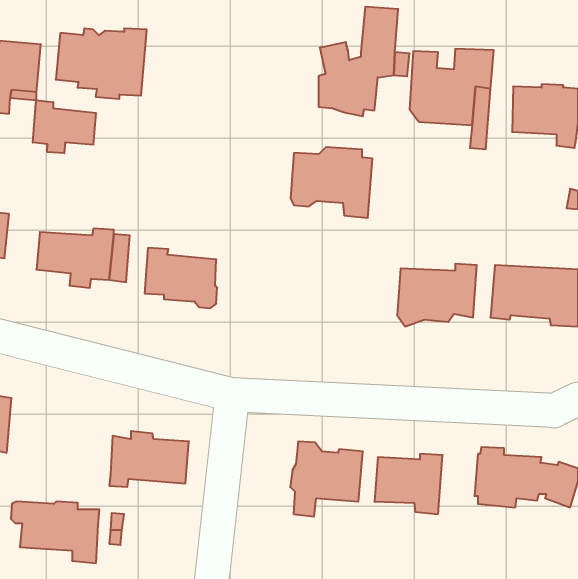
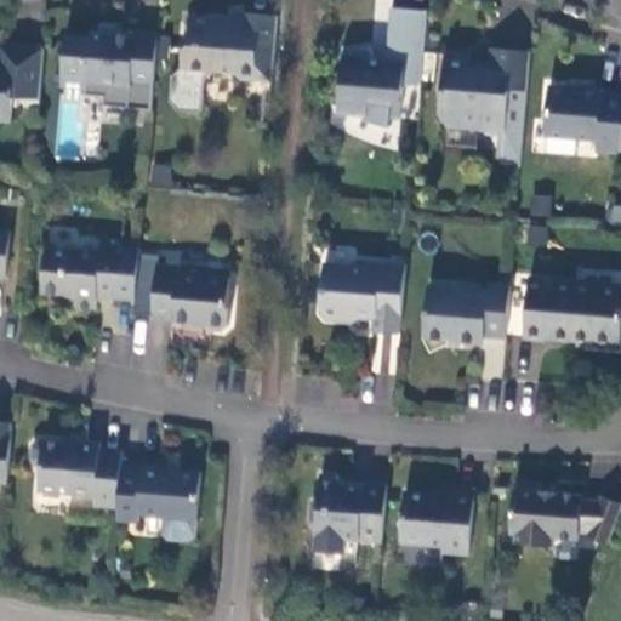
building: none -> [169,16,275,112]
building: [33,100,96,153] -> none
building: [291,147,372,218] -> [317,262,404,337]
building: [11,502,99,563] -> [27,443,121,508]

